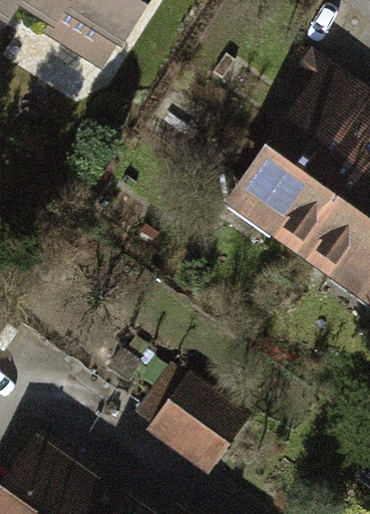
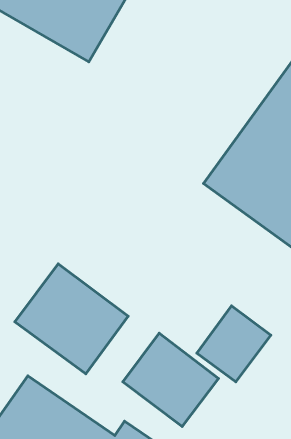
building: none -> [15,264,128,374]
building: none -> [197,306,271,382]

